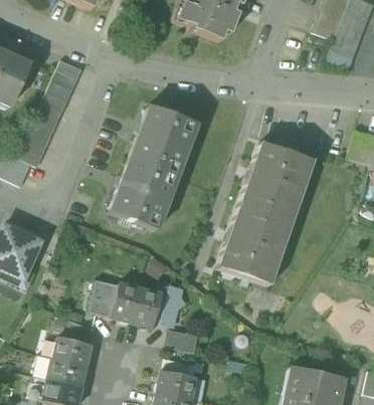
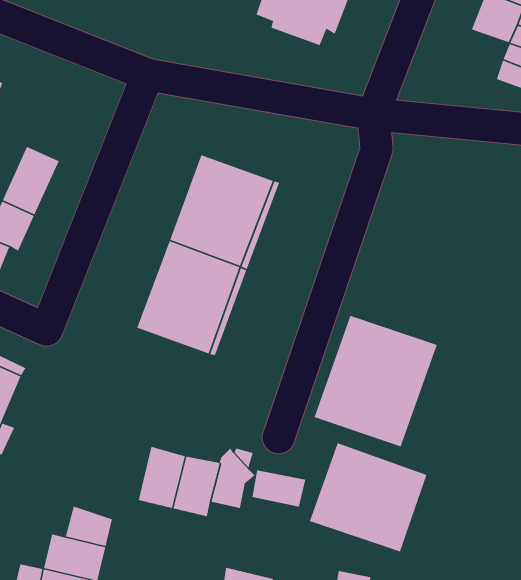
building: [44,59,84,112] -> none
building: [240,141,315,222] -> none
building: [90,278,120,317] -> none
building: none -> [309,442,427,553]
building: [167,328,200,351] -> [252,469,306,507]

